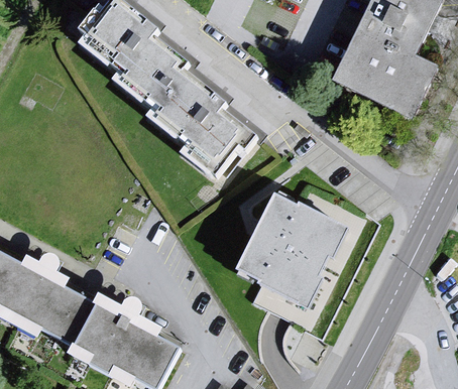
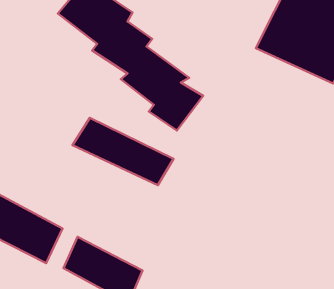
building: none -> [73,118,174,185]
building: [228,190,341,306] -> none

